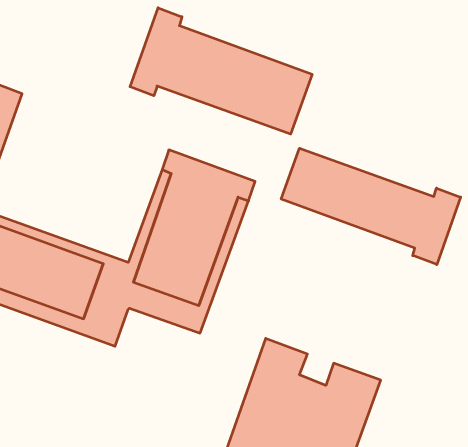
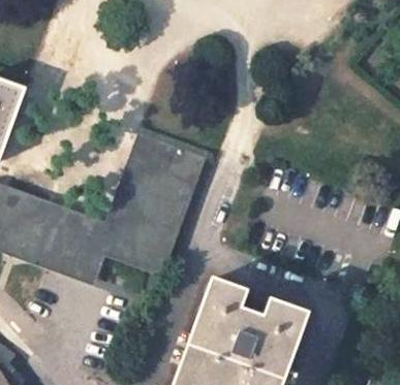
building: [130,8,312,134] -> none
building: [281,148,461,265] -> none

